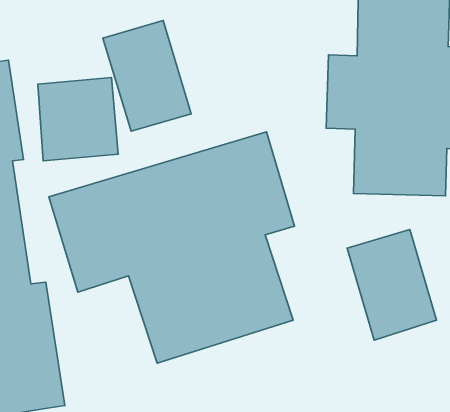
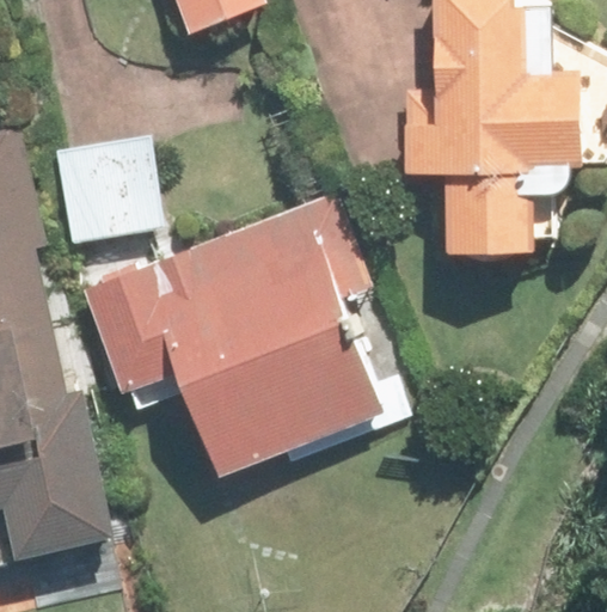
building: [103,21,191,131] -> none
building: [347,229,436,340] -> none

